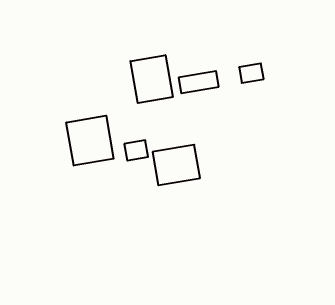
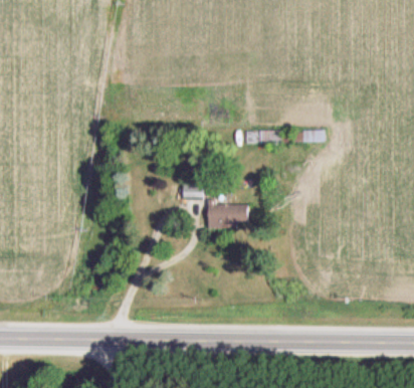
building: [130,55,173,103] -> none
building: [66,116,114,166] -> none

